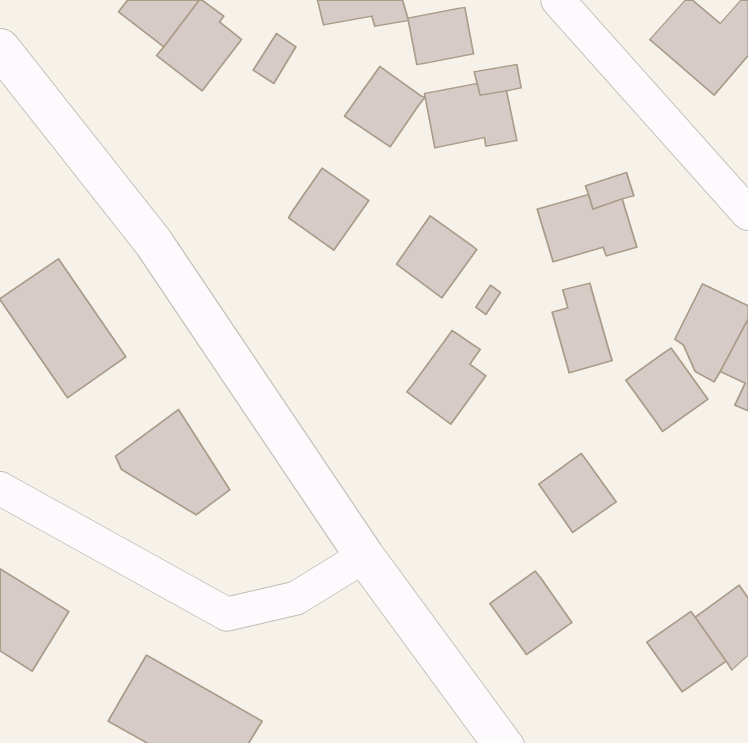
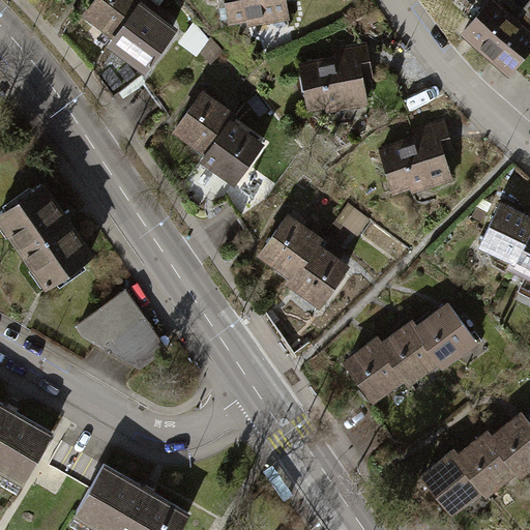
building: [408,7,474,64] -> none
building: [345,66,425,147] -> [175,95,232,152]
building: [396,216,477,298] -> [260,217,317,275]
building: [552,283,612,373] -> none
building: [626,348,708,431] -> [414,305,472,364]
building: [490,571,572,655] -> [345,341,403,400]
building: none -> [422,453,479,511]

